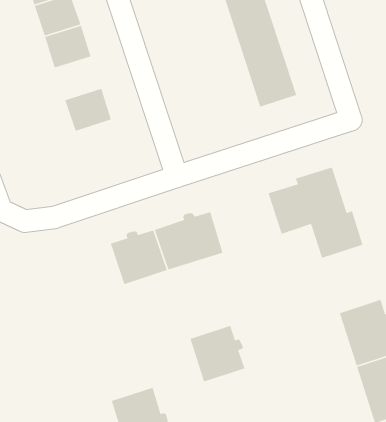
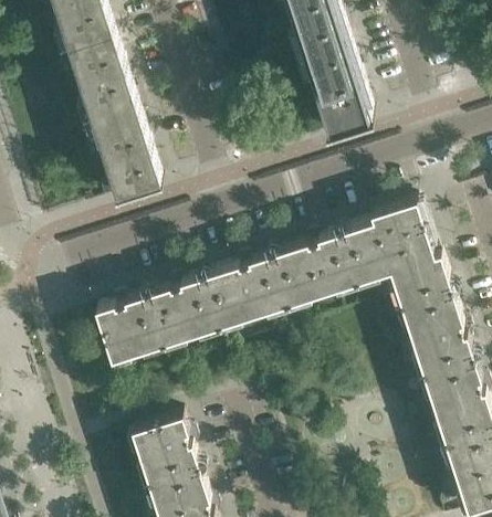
building: none -> [80,72,137,124]
building: none -> [105,148,163,201]
building: none -> [269,236,354,309]
building: none -> [95,297,164,365]
building: none -> [402,299,474,381]
building: [190,325,246,382] -> [132,418,199,487]

